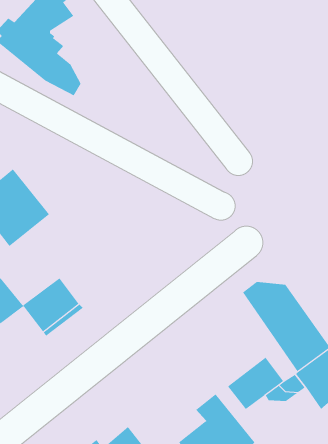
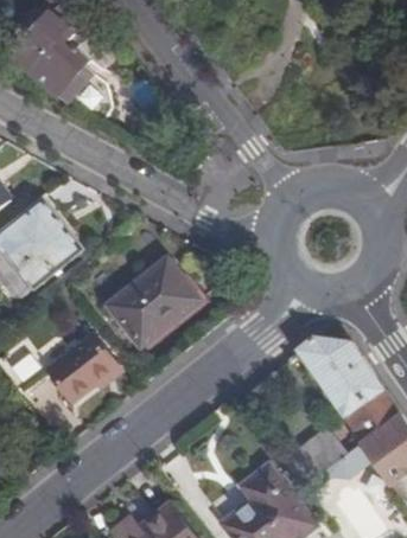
building: none -> [108,256,199,345]

